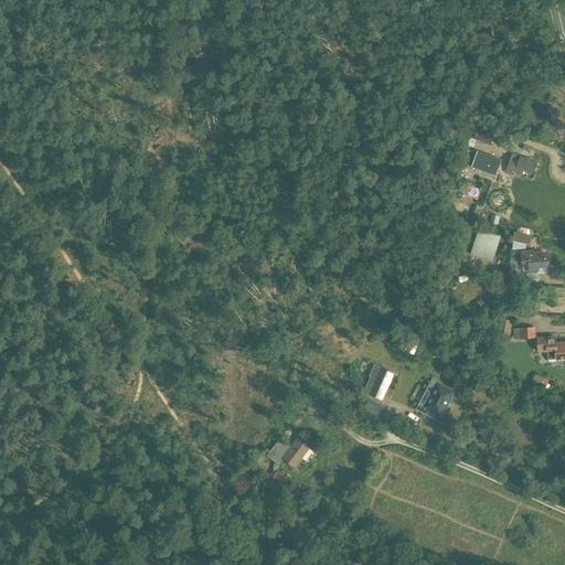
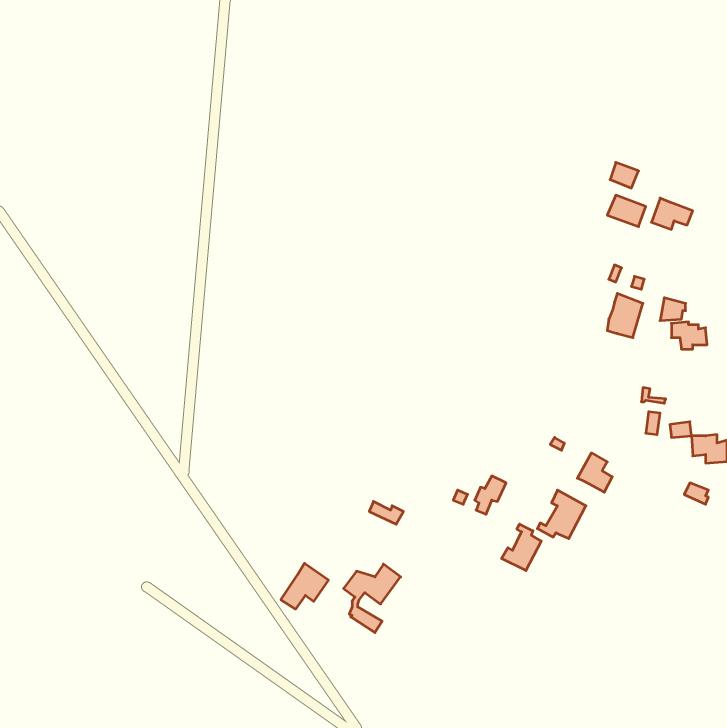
building: none -> [577,453,612,492]
building: none -> [502,524,541,571]
building: none -> [281,563,328,609]

